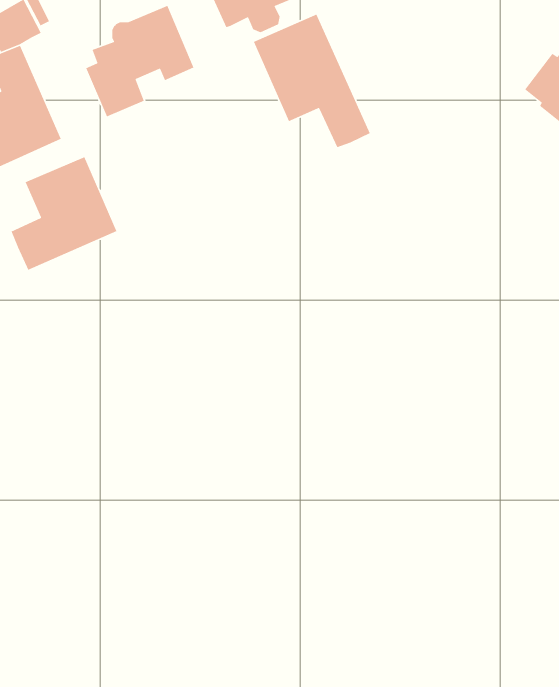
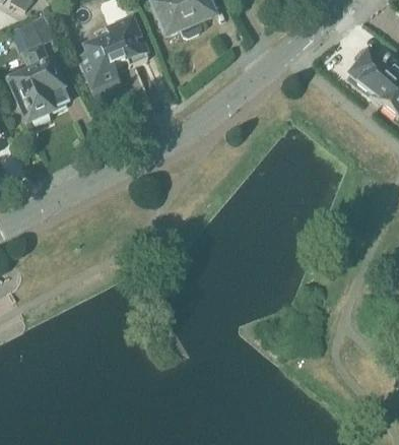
building: [253,14,371,148] -> none
building: [11,156,117,271] -> none

